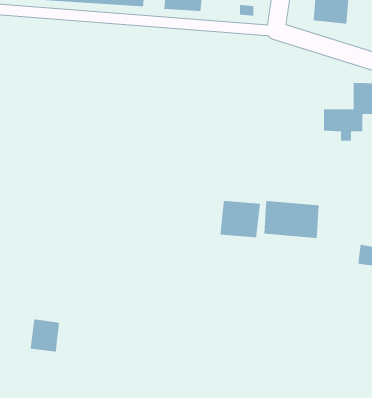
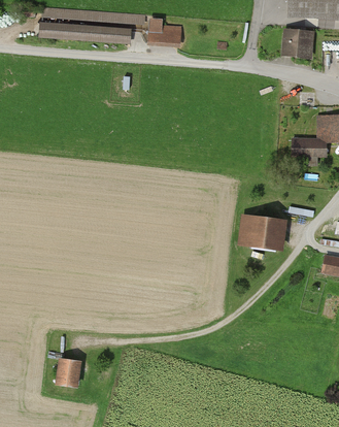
building: [220,200,260,238] -> none
building: [30,319,60,352] -> [55,358,81,388]

